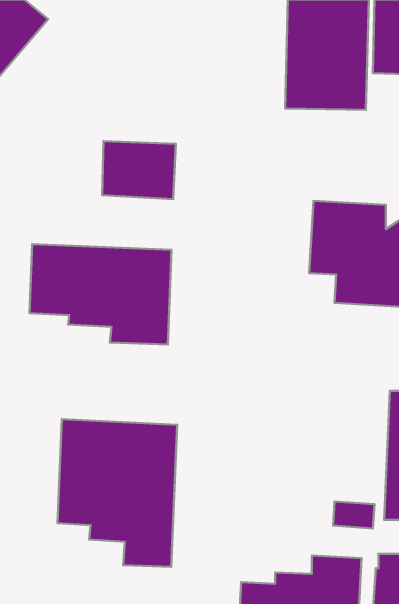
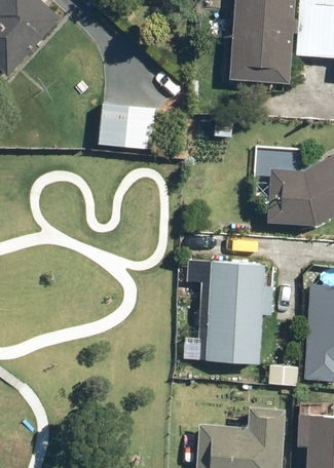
building: [29,244,172,344] -> none
building: none -> [208,263,266,362]
building: [58,419,177,567] -> none

